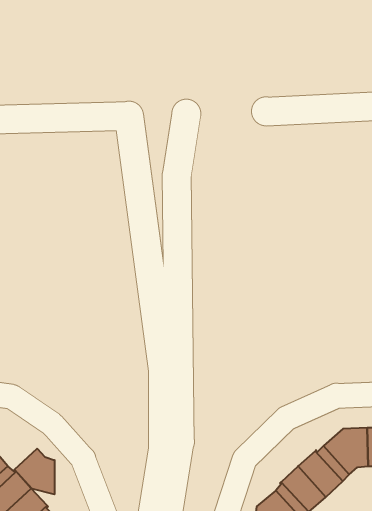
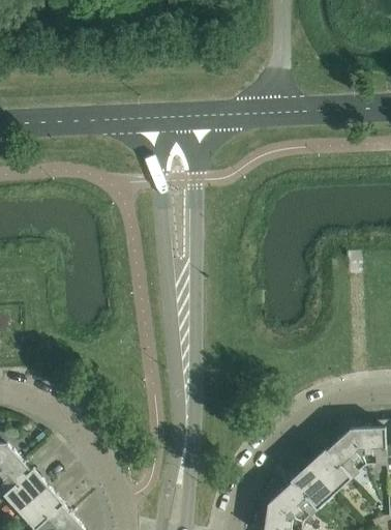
building: [14,449,55,494] -> none

